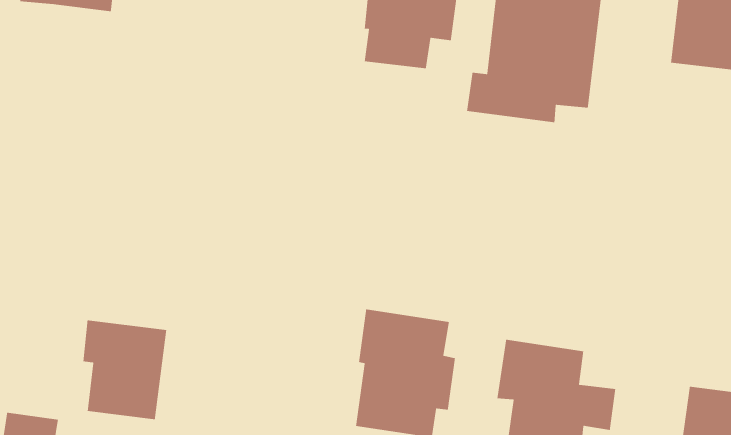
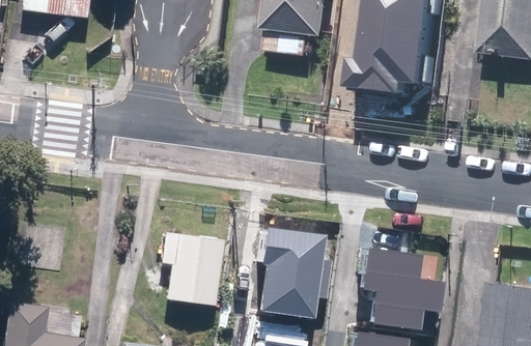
building: [82,319,167,420] -> [164,232,224,304]

